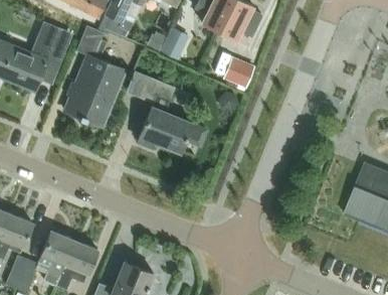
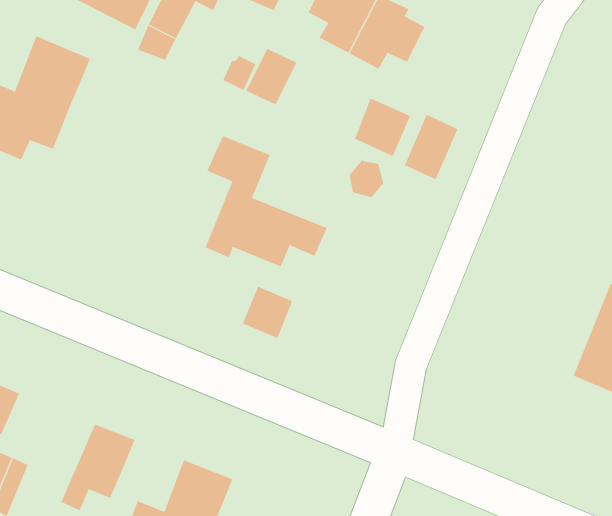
building: [64,27,125,127] -> none
building: none -> [404,114,458,180]
building: none -> [242,286,293,339]
building: [38,231,74,285] -> none

